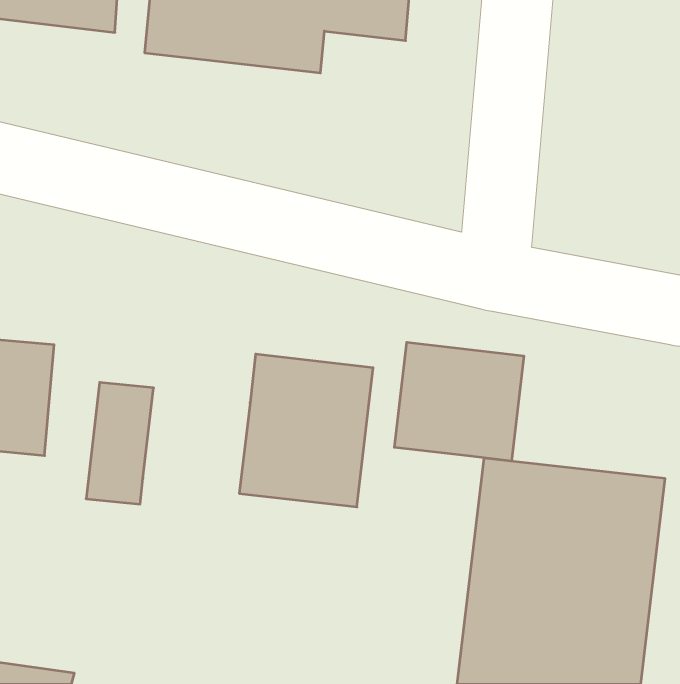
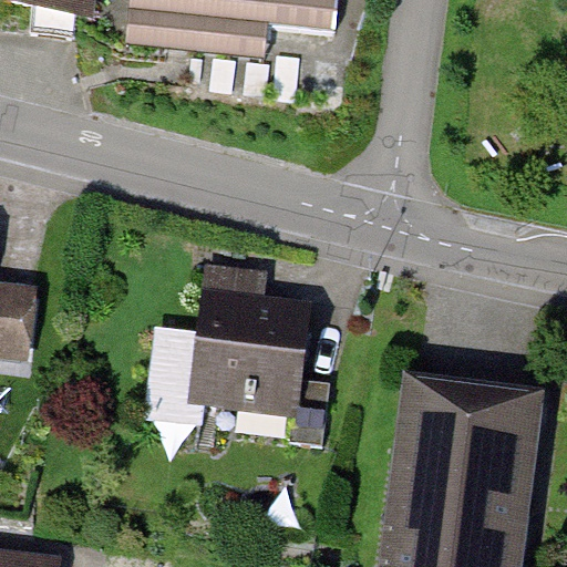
building: [394,342,524,461] -> none
building: [86,382,154,504] -> [150,326,205,425]

